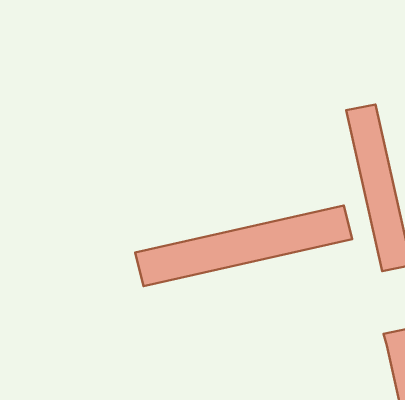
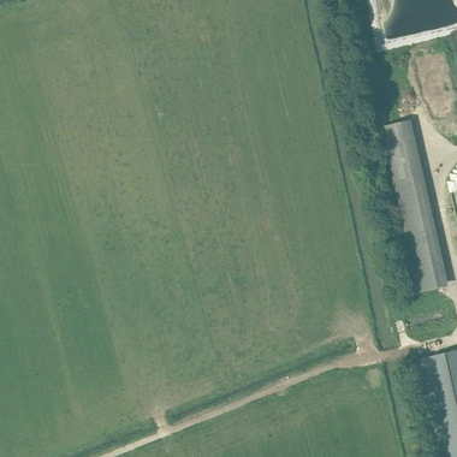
building: [135,206,352,286] -> none

